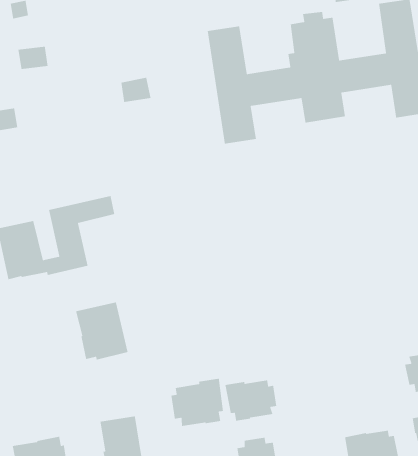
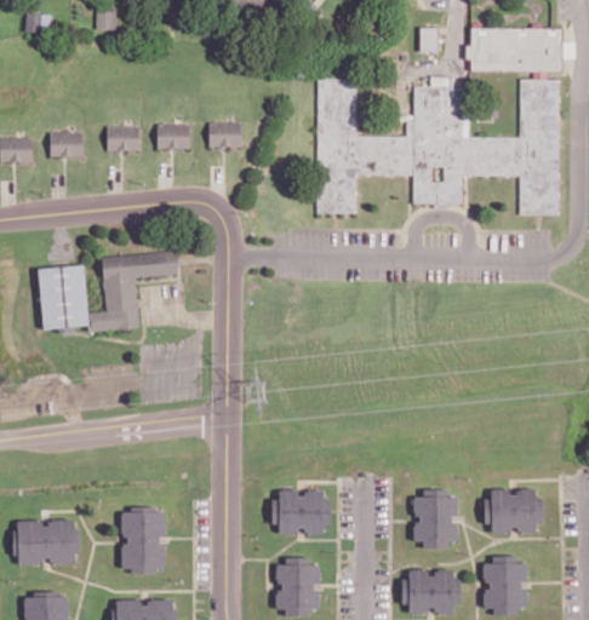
building: [17,46,49,70] -> [107,126,139,151]
building: none -> [156,124,189,149]
building: [75,301,128,361] -> none
building: none -> [412,489,457,549]
building: [170,378,224,427] -> none

